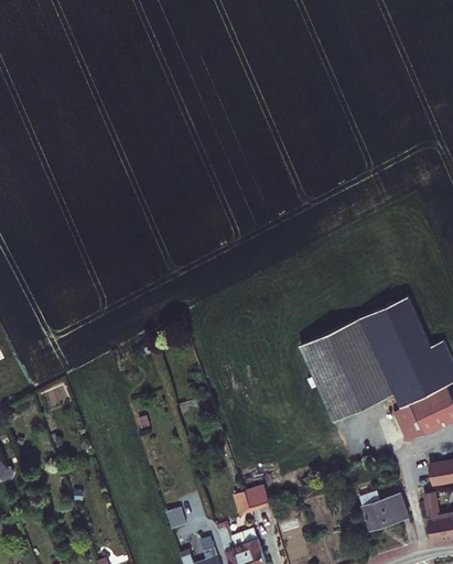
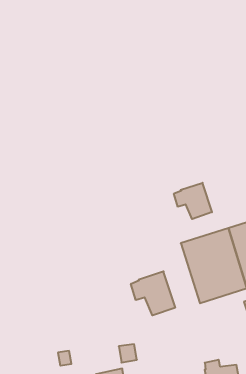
building: none -> [174,183,212,219]
building: none -> [131,271,175,315]

